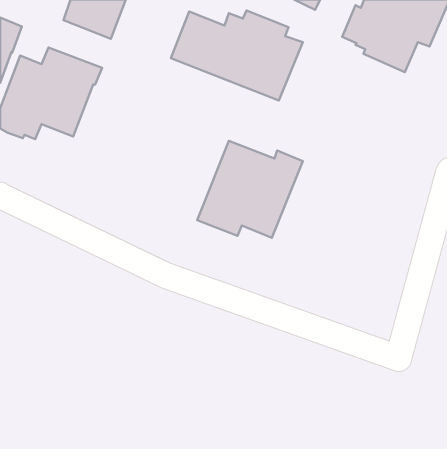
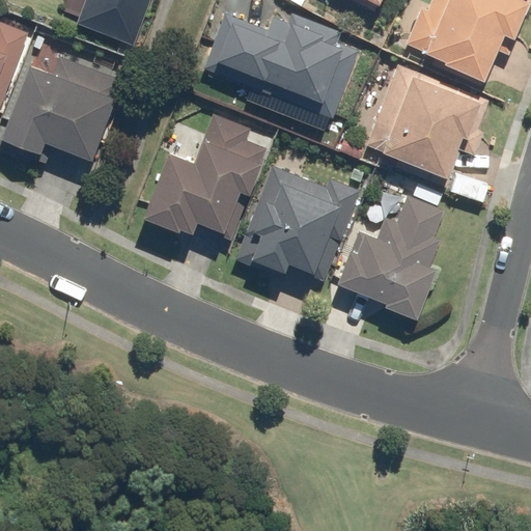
building: none -> [366,63,488,187]
building: none -> [141,113,267,234]
building: none -> [335,194,444,318]

